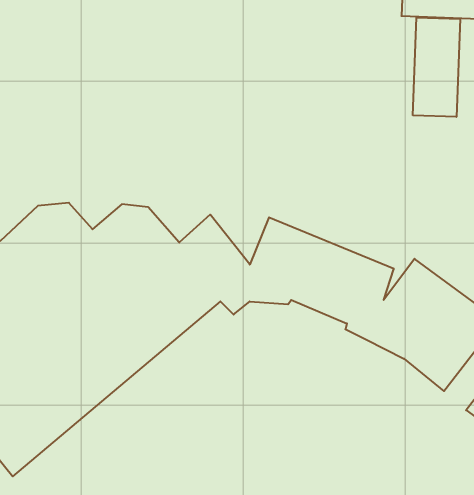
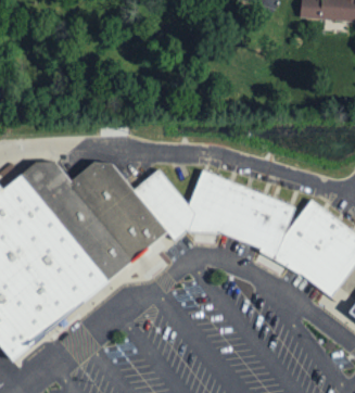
building: [413,17,460,117] -> none

